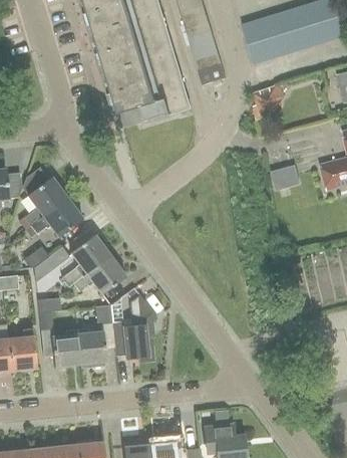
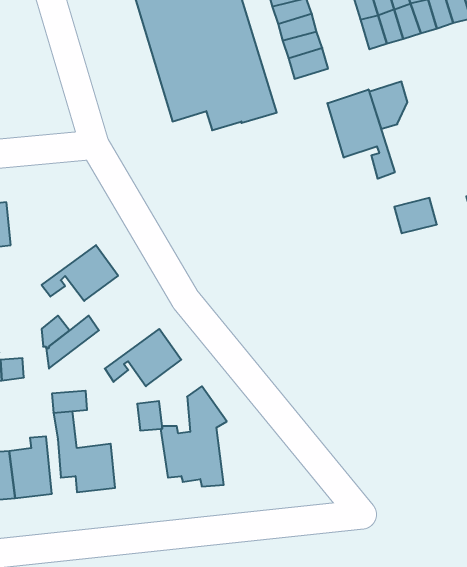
building: none -> [327,89,395,179]
building: [24,177,67,225] -> none
building: [67,234,110,282] -> none
building: [77,331,106,364] -> none

